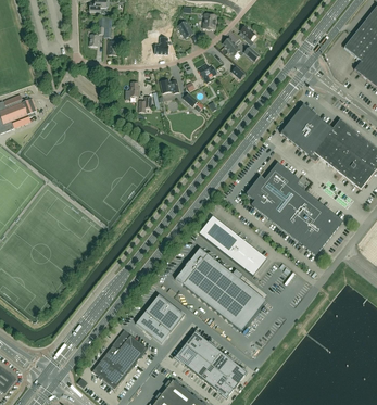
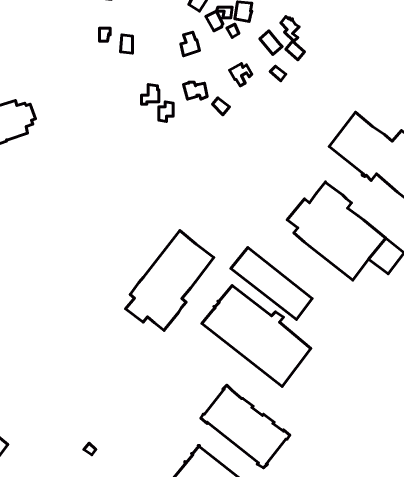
building: none -> [125,231,214,331]
building: [300,225,329,254] -> none
building: [136,293,185,342] -> none
building: [92,328,147,388] -> none

